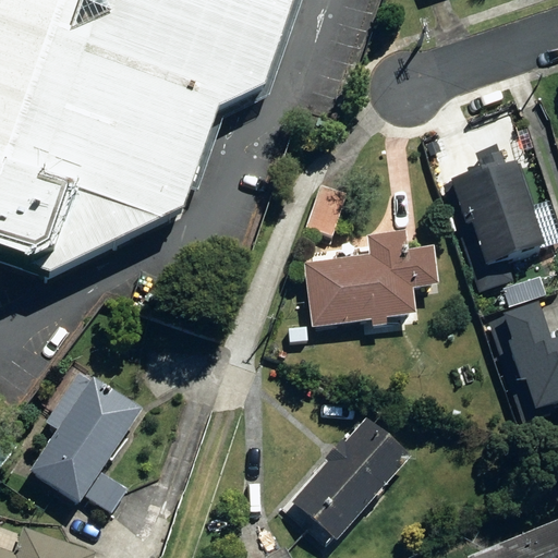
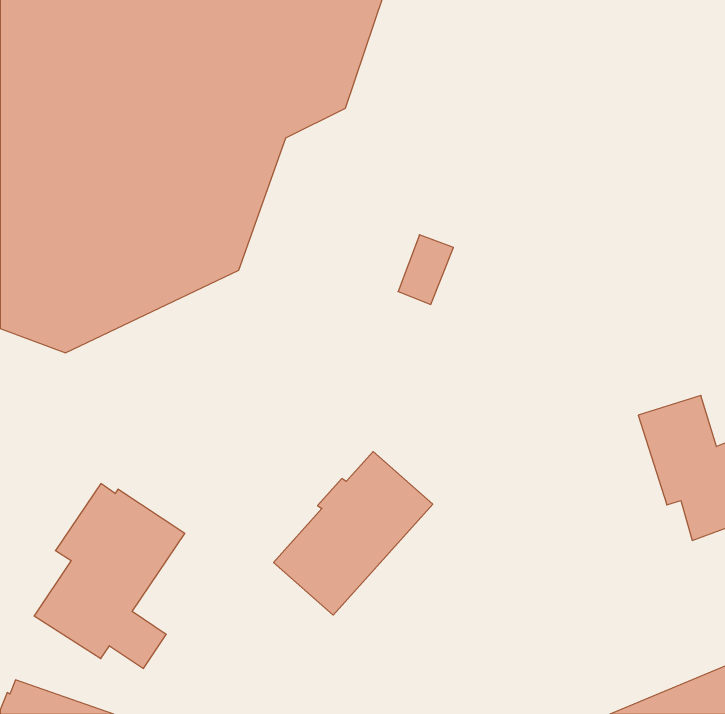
building: [441,156,539,270] -> none
building: [303,230,436,327] -> none
building: [289,416,411,542] -> [274,452,433,615]

